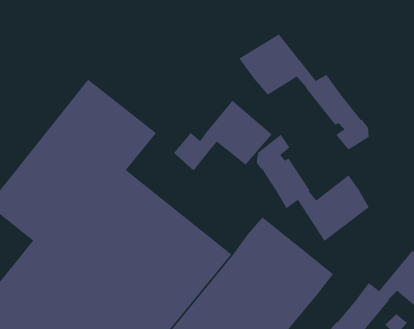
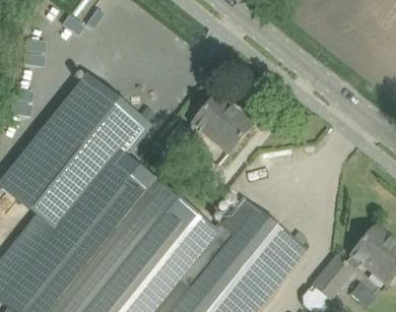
building: [238,34,369,150] -> none
building: [256,134,369,242] -> none

